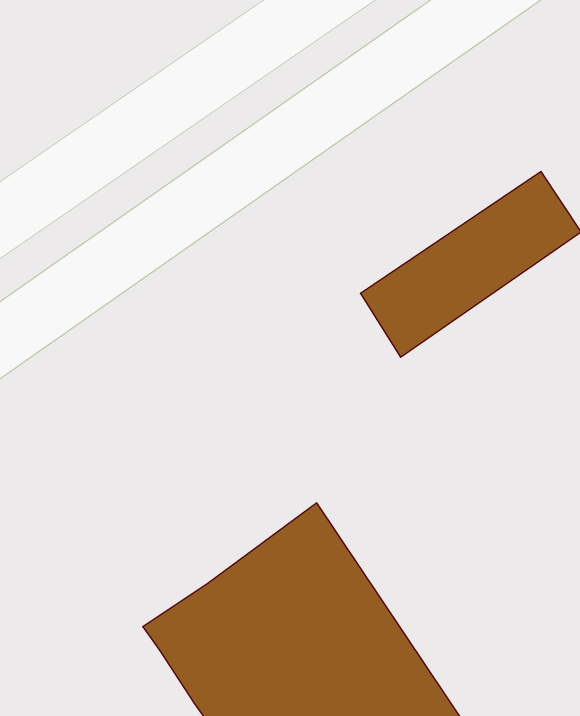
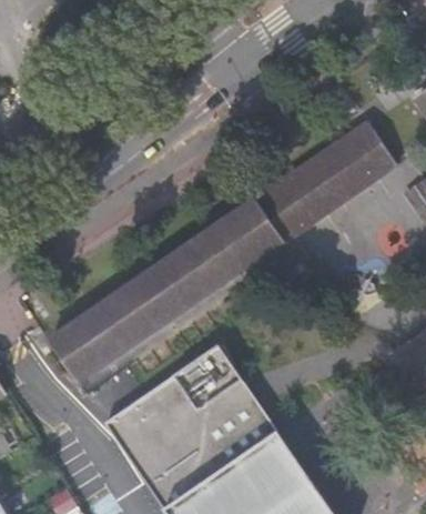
building: none -> [49,202,275,382]

